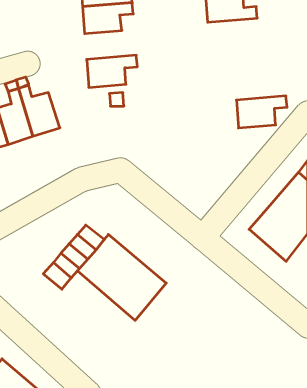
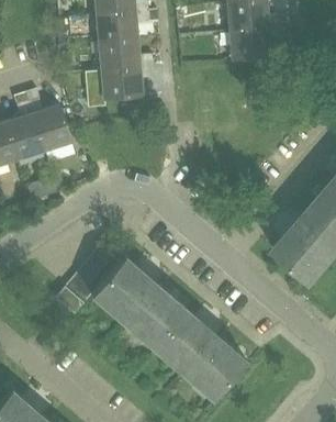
building: none -> [89,40,153,71]
building: [236,96,287,128] -> [228,26,282,60]
building: none -> [152,308,246,400]

